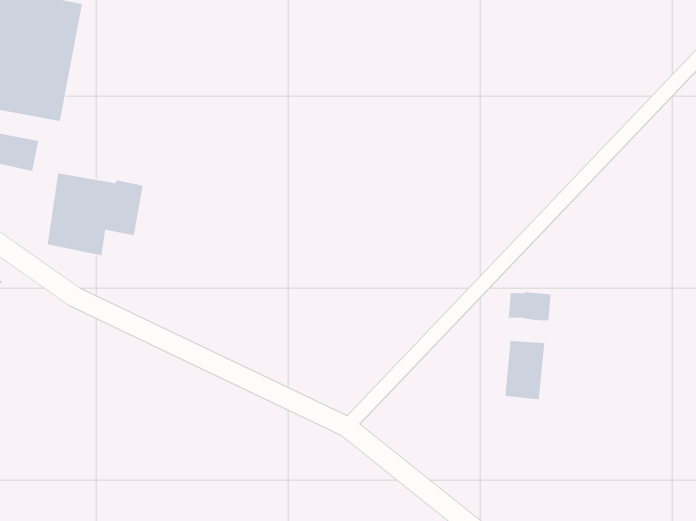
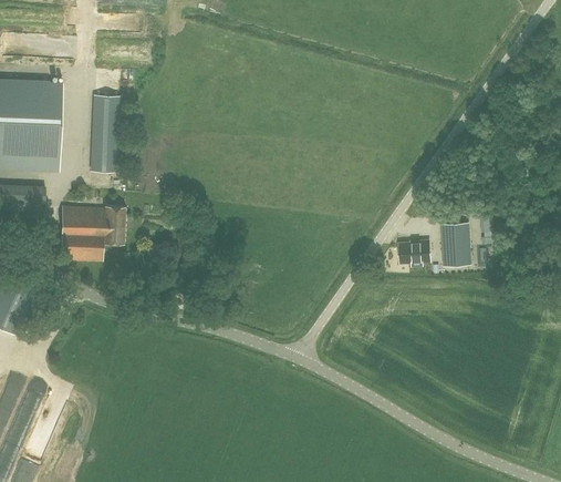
building: none -> [91,94,120,172]
building: [505,340,545,400] -> [441,222,469,265]

